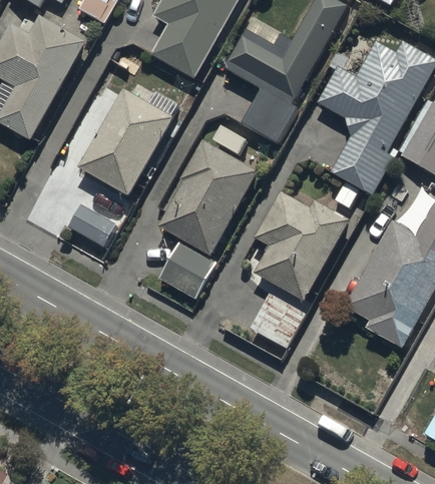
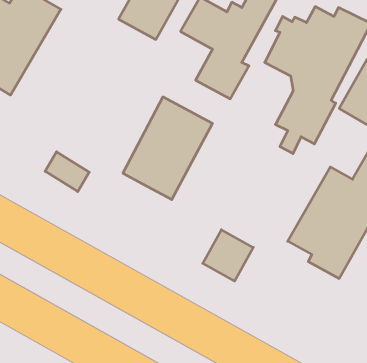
building: [78,88,177,196] -> none
building: [255,191,350,301] -> none
building: [158,239,216,298] -> none

